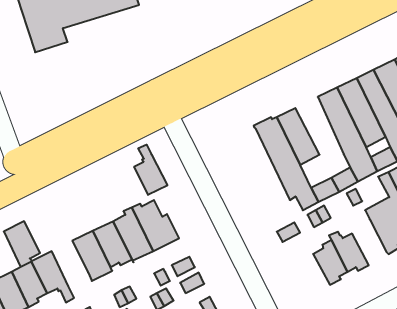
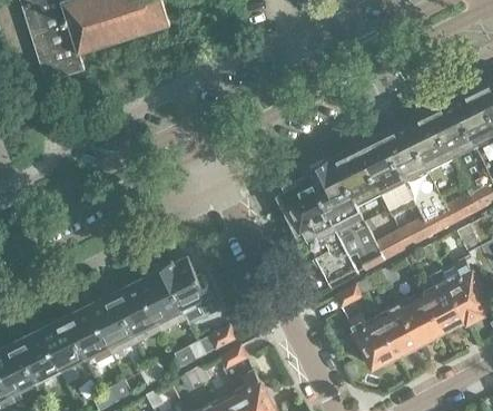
building: none -> [356,133,414,213]
building: none -> [280,169,357,286]
building: [134,145,167,195] -> none
building: none -> [424,268,465,334]
building: [4,221,40,267] -> [65,305,108,360]
building: none -> [349,315,397,365]

